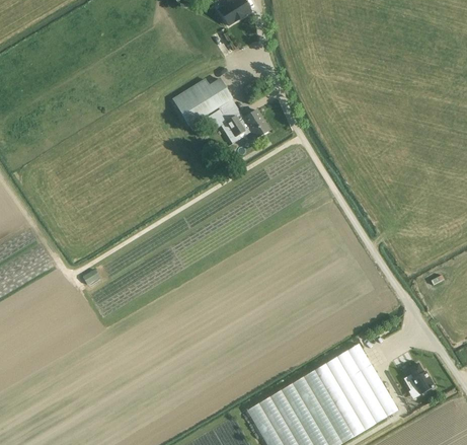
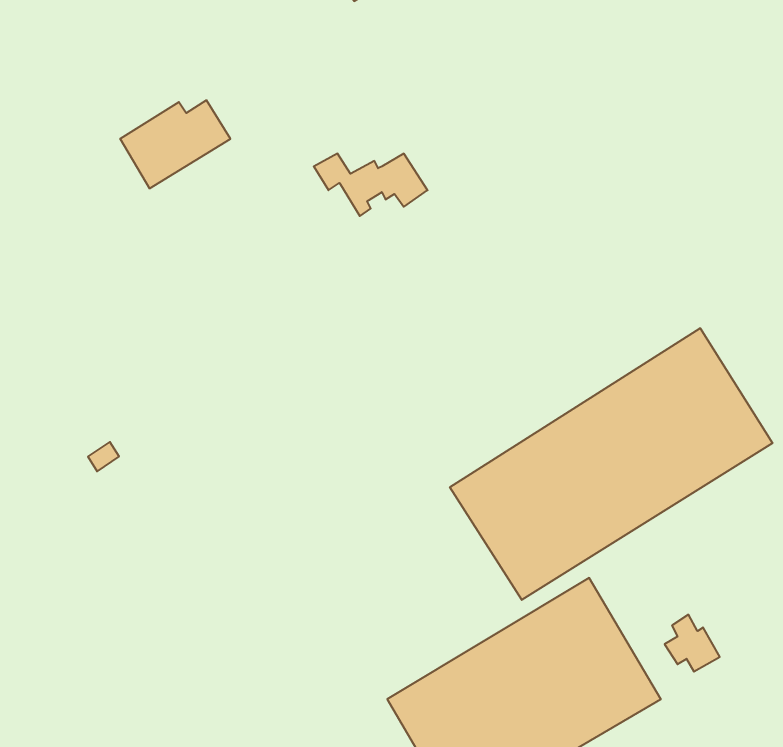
building: [171,77,232,126] -> [120,100,230,188]
building: none -> [450,328,772,600]

